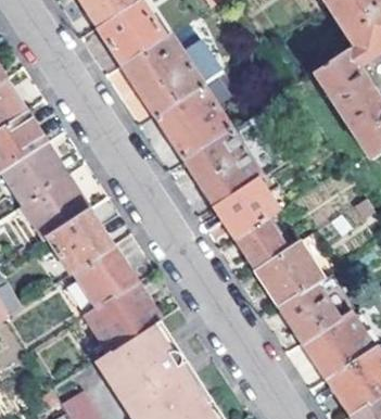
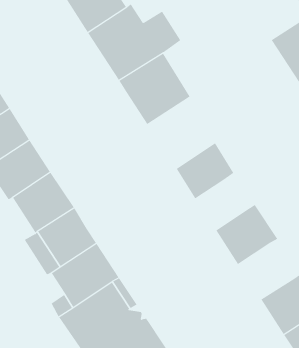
building: [187,131,262,206] -> none
building: [237,218,288,270] -> none
building: [281,283,340,342] -> none

